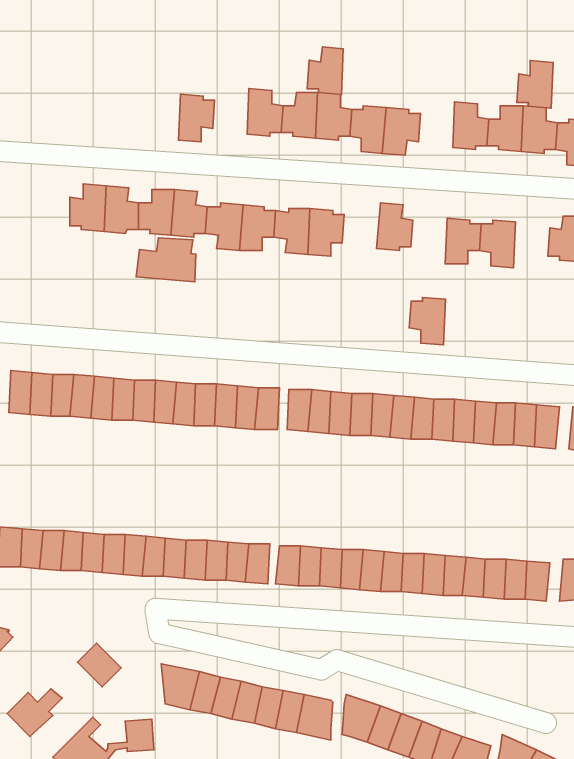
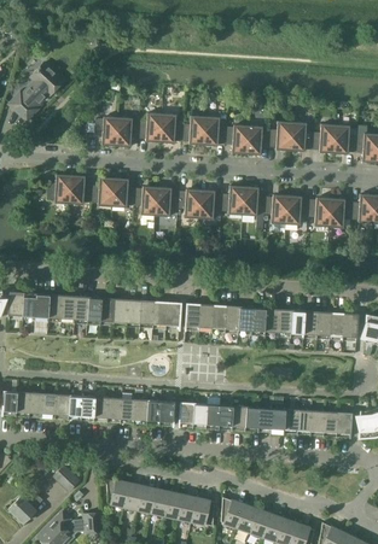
building: none -> [10,63,64,121]
building: [307,47,343,94] -> [139,112,162,142]
building: [517,60,553,108] -> [269,121,292,151]
building: none -> [95,116,118,146]
building: none -> [221,186,245,215]
building: none -> [330,198,353,228]
building: [136,238,196,282] -> none
building: [409,297,445,345] -> [264,194,287,224]

